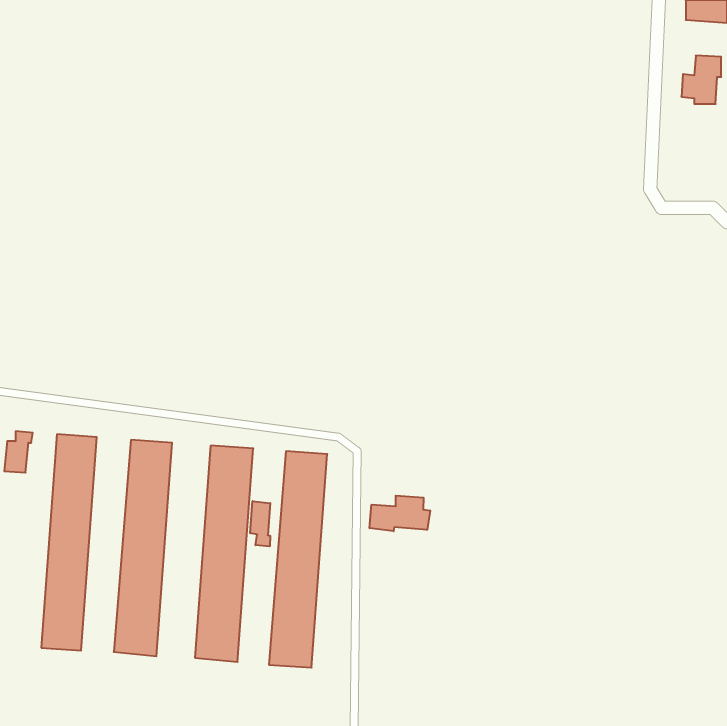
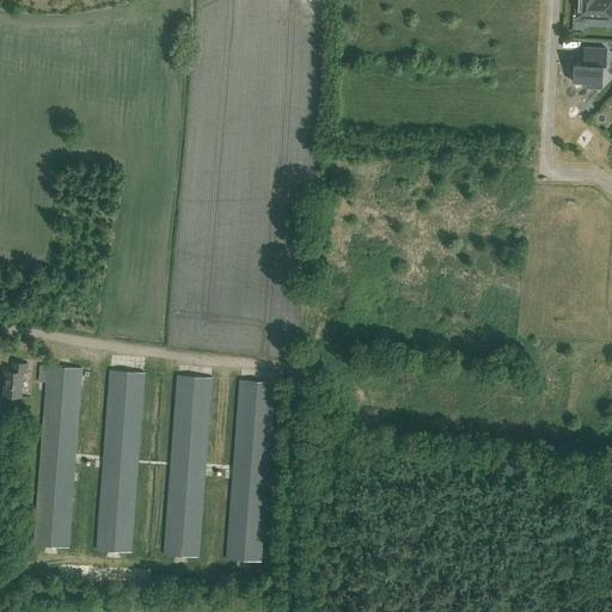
building: [370,496,430,531] -> none
building: [250,501,270,546] -> none

